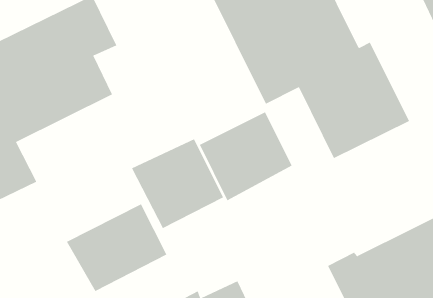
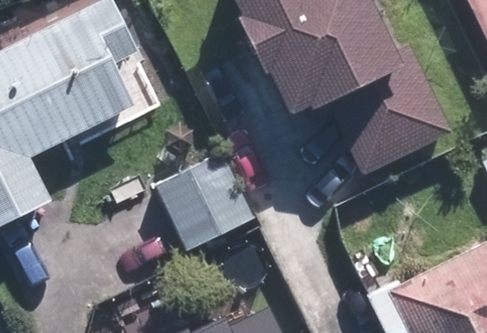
building: [199,111,293,201] -> none
building: [66,204,167,292] -> none

